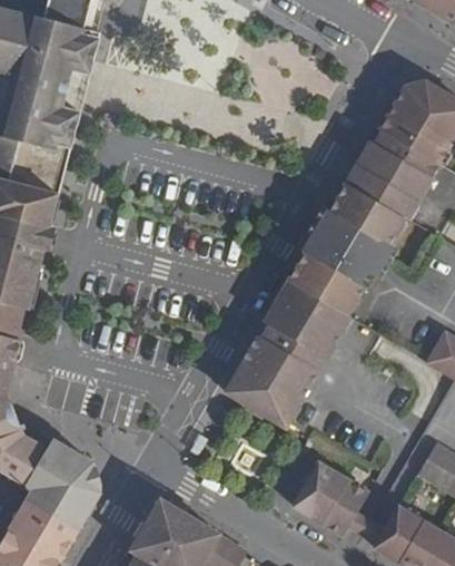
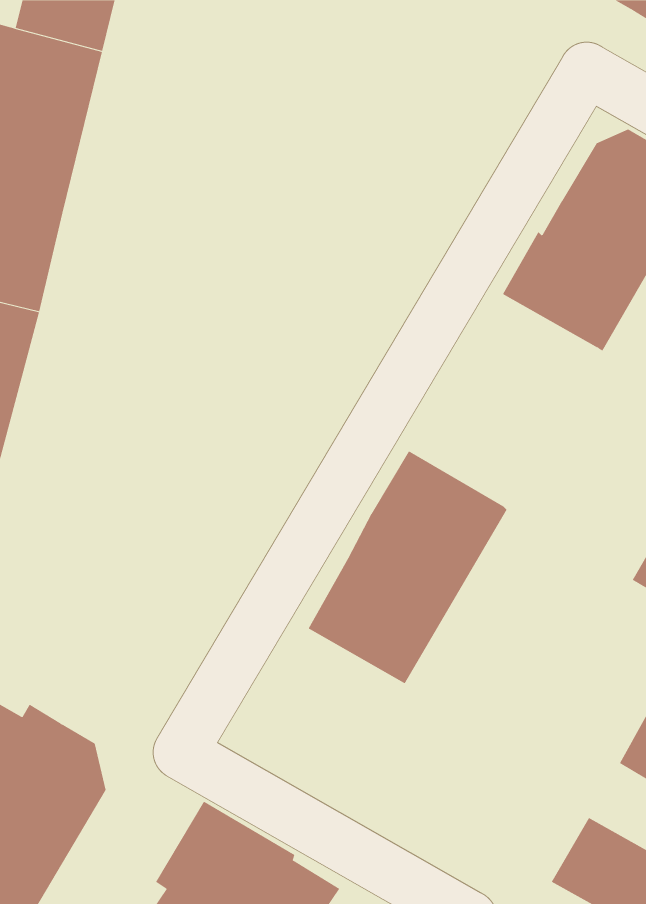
building: [287,183,404,314] -> none
building: [293,462,366,535] -> none

